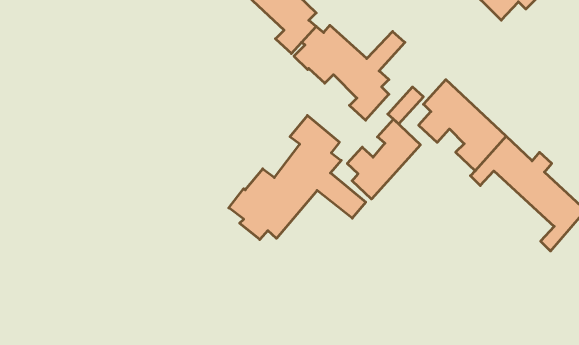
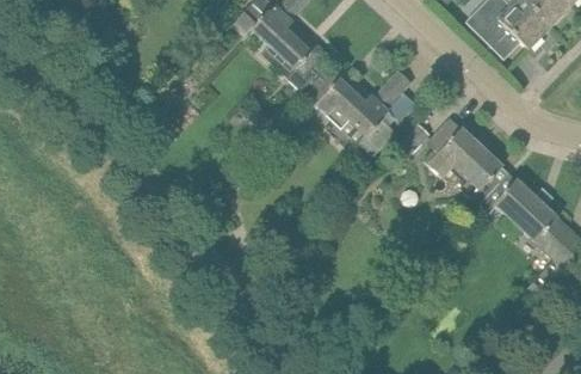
building: [229,115,366,240] -> none
building: [347,119,420,199] -> none

